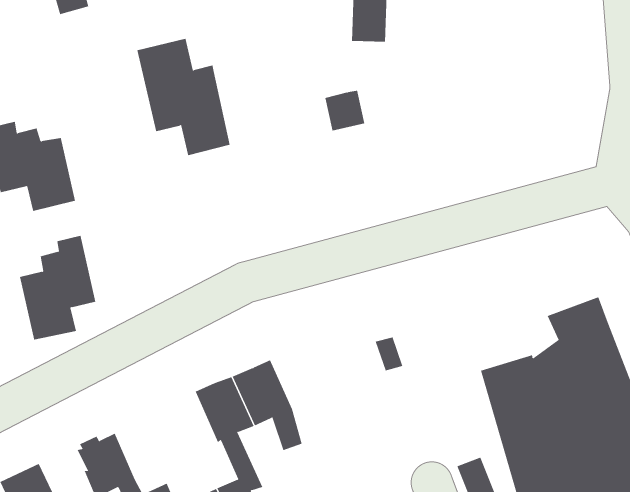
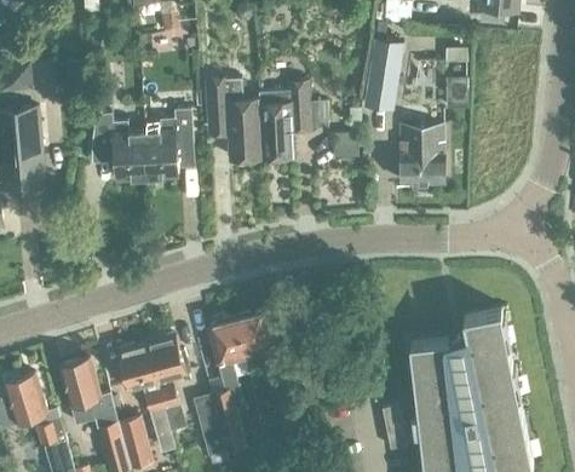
building: none -> [258,81,324,157]
building: none -> [399,125,443,183]
building: [19,235,96,340] -> [143,110,194,178]
building: none -> [145,334,188,380]

